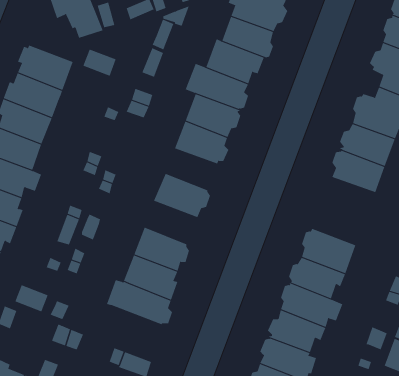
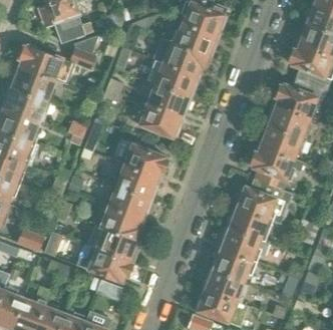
building: none -> [250,146,303,190]
building: none -> [116,164,157,198]
building: none -> [77,245,132,282]

